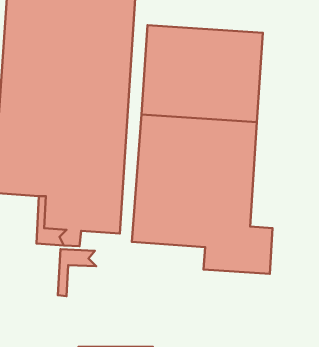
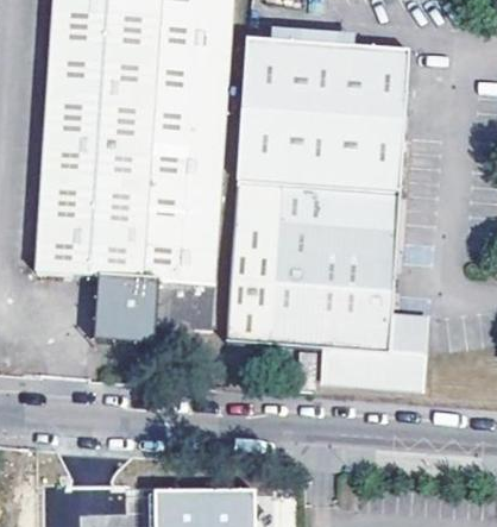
building: [58,249,96,296] -> none

